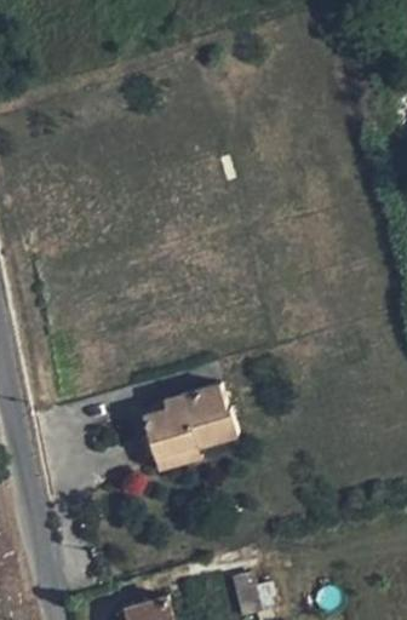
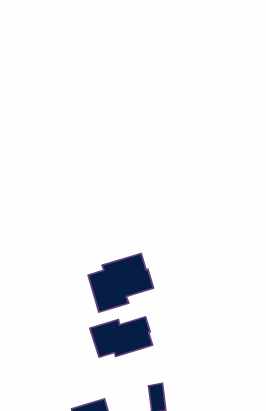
building: none -> [90,317,152,357]

